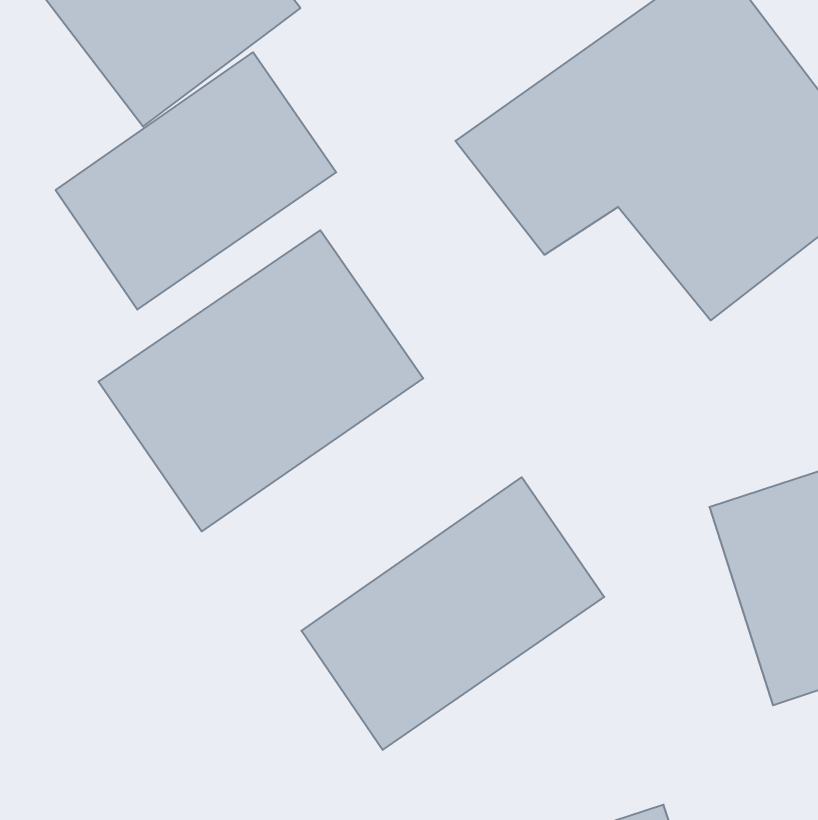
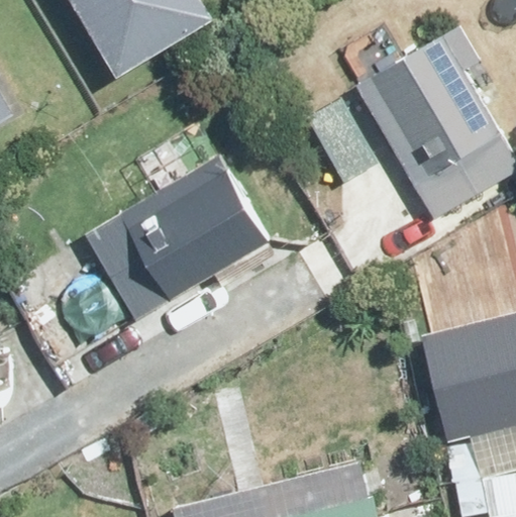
building: [56,52,336,310] -> none
building: [301,477,604,750] -> none

